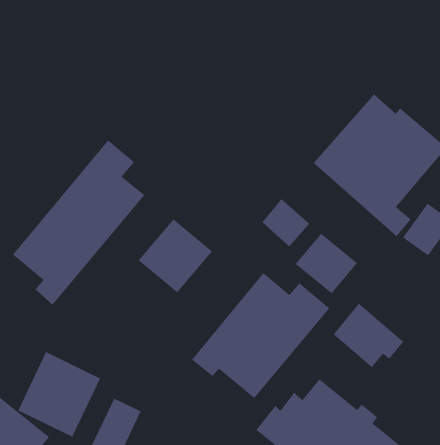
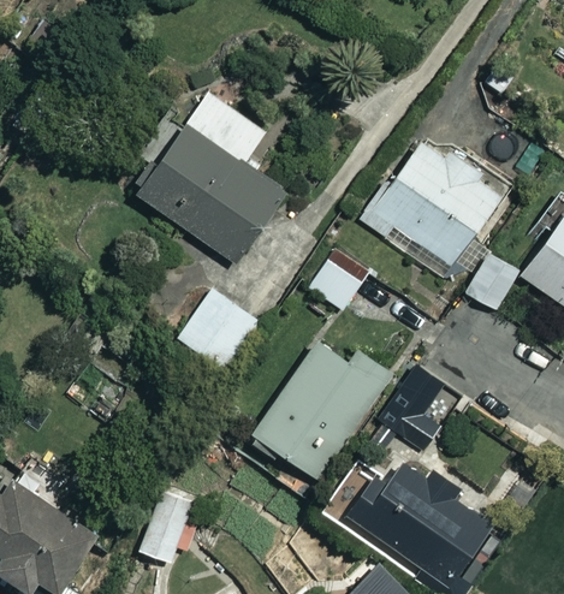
building: none -> [124,90,284,262]
building: [12,139,145,305] -> none
building: [295,233,358,294] -> none
building: [18,351,101,438] -> none

